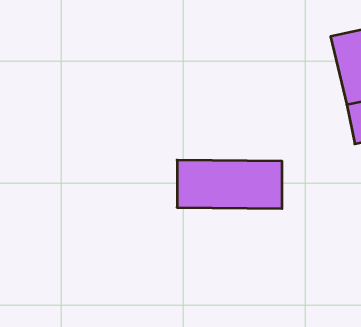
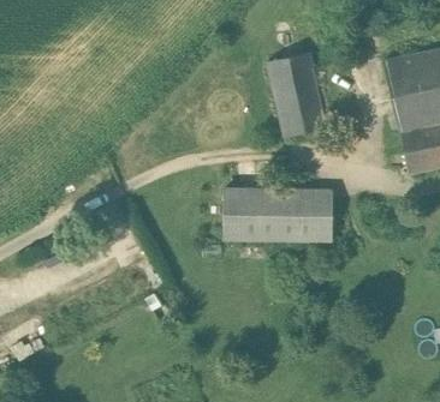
building: none -> [267,53,327,137]

